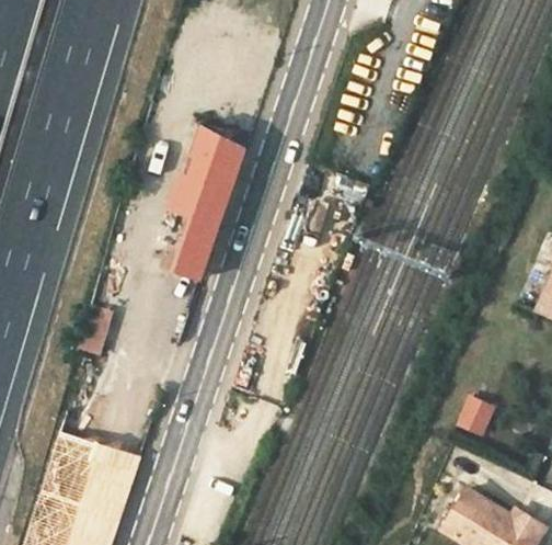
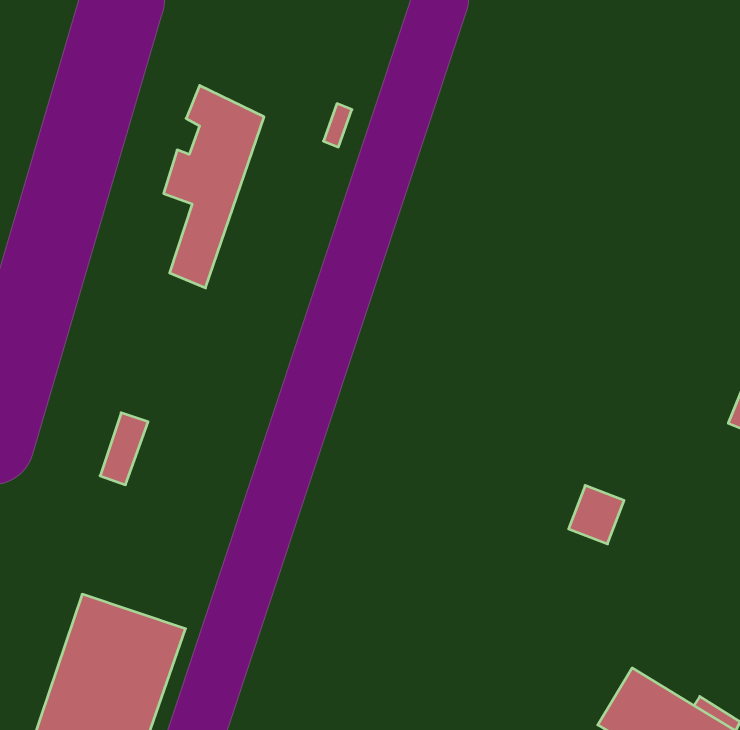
building: [172,128,245,276] -> [164,85,264,288]
building: [455,393,495,435] -> [569,485,624,544]

